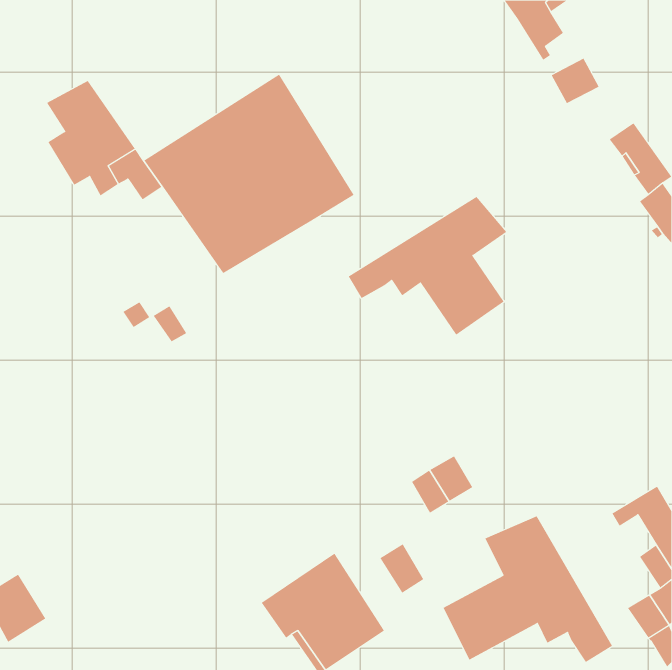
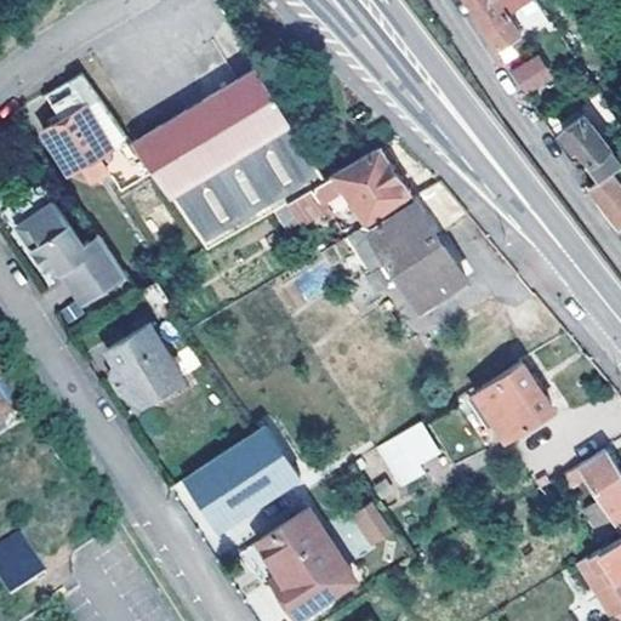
building: none -> [289,149,409,224]
building: none -> [8,189,123,306]
building: none -> [118,334,182,404]
building: none -> [477,364,552,440]
building: none -> [187,426,302,531]
building: [443,516,613,663] -> none

